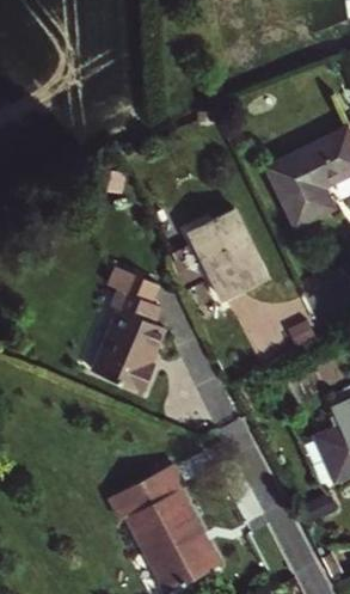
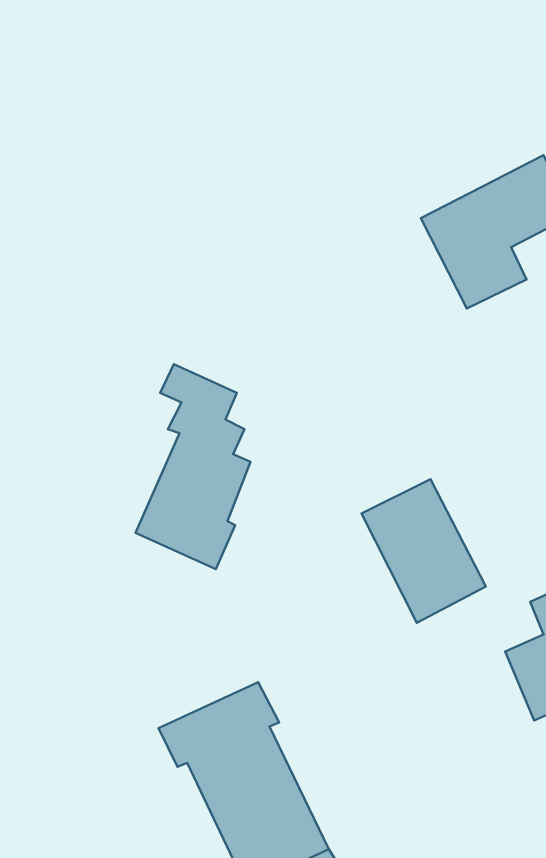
building: [190,213,268,302] -> [361,479,486,623]

